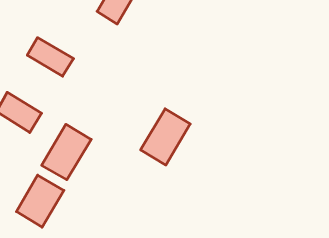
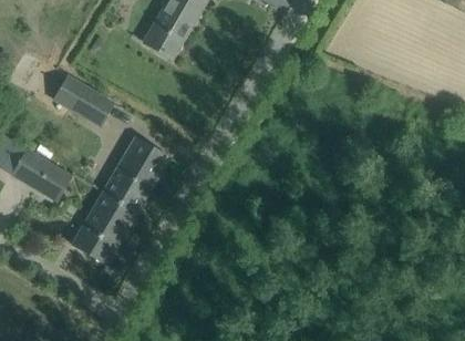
building: [141,109,190,165] -> [104,136,169,210]
building: [16,175,64,227] -> none

